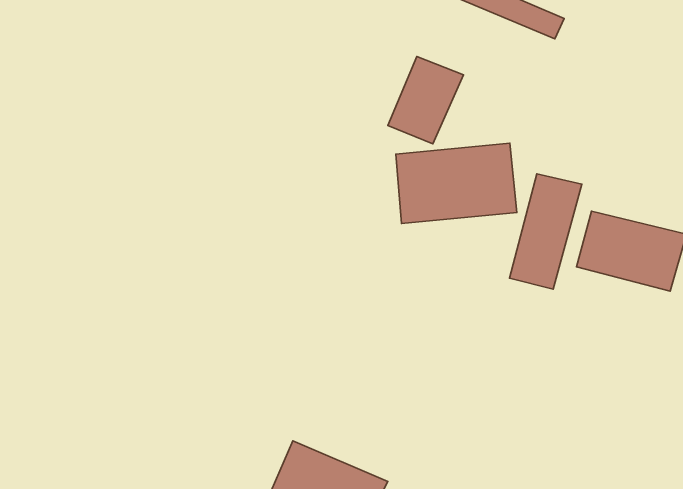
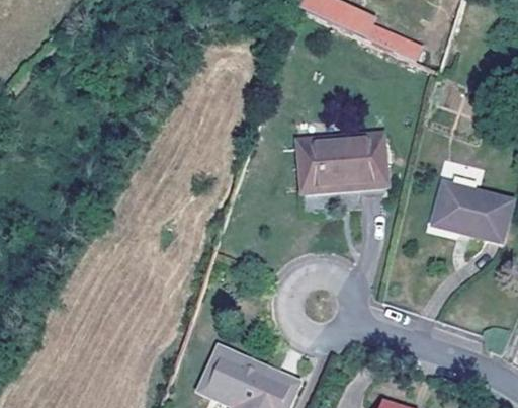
building: [388,57,463,144] -> none
building: [510,174,582,289] -> none

